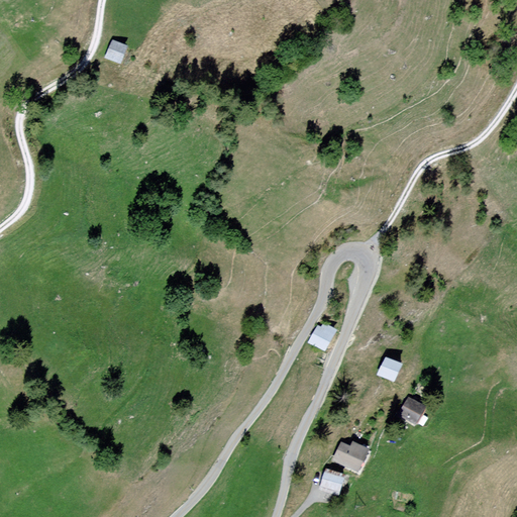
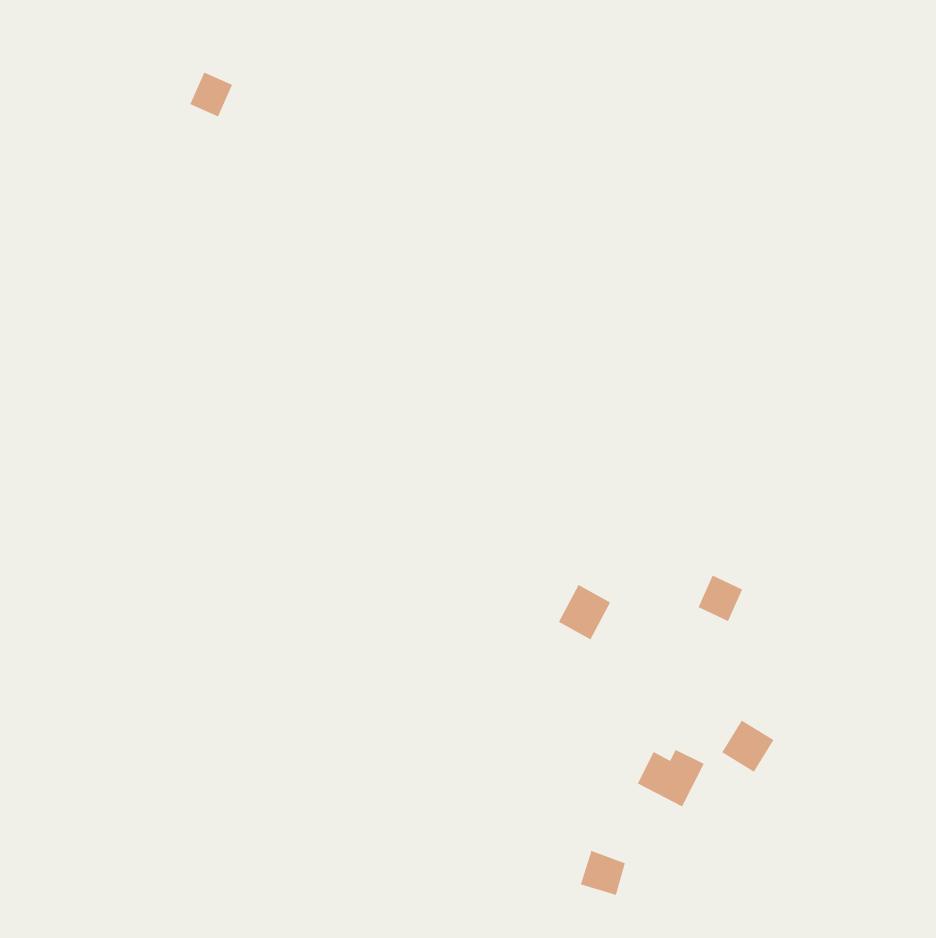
building: [377,355,402,382] -> [697,575,743,622]
building: [332,441,370,474] -> [637,749,705,808]

